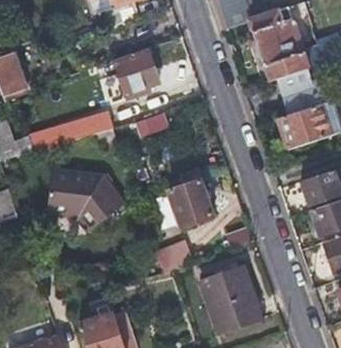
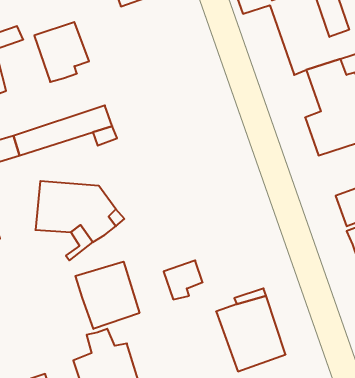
building: [113,51,159,101] -> [34,22,89,82]
building: [167,167,213,225] -> none
building: none -> [75,262,139,329]

